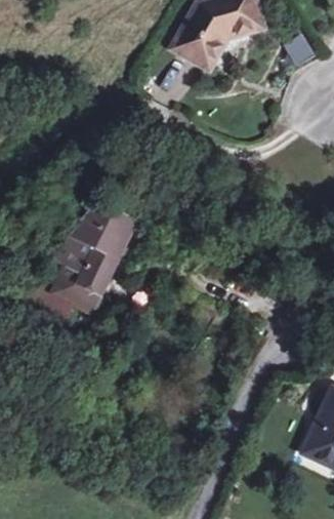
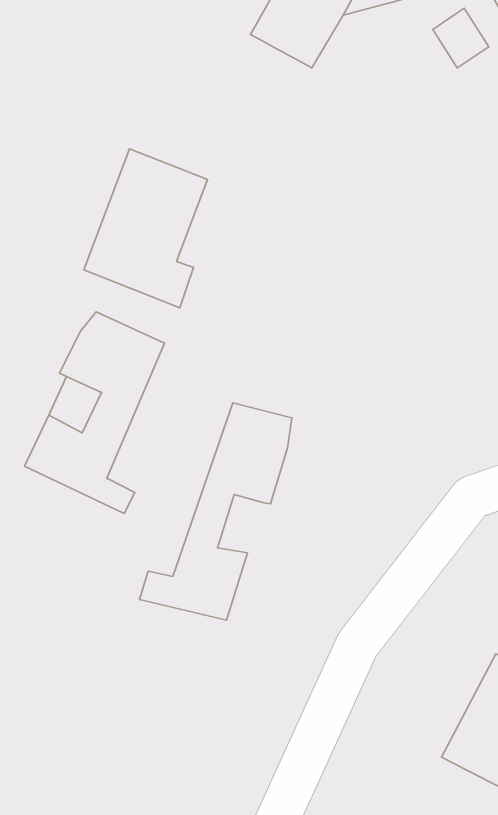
building: none -> [84,149,208,308]
building: none -> [140,403,292,620]

